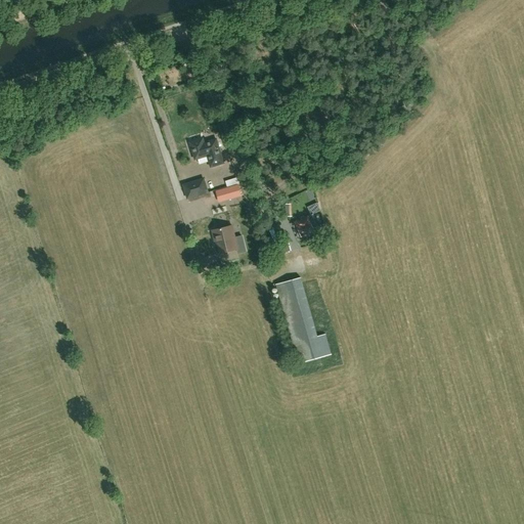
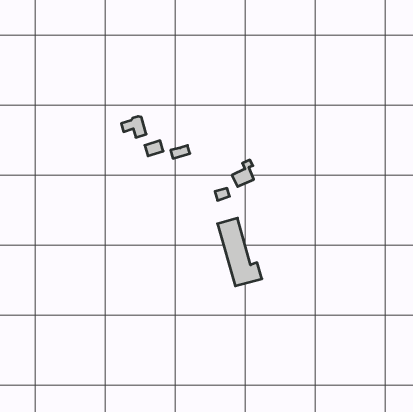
building: [191,139,223,166] -> [121,116,146,137]
building: [215,225,237,252] -> none

